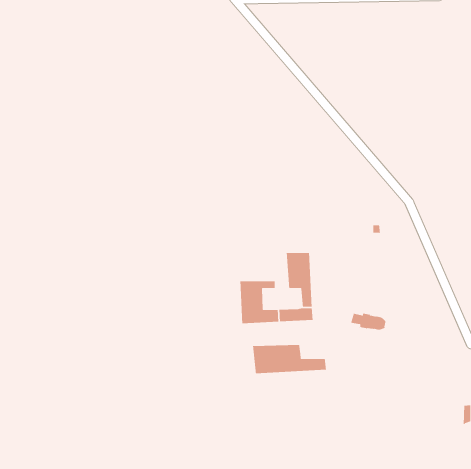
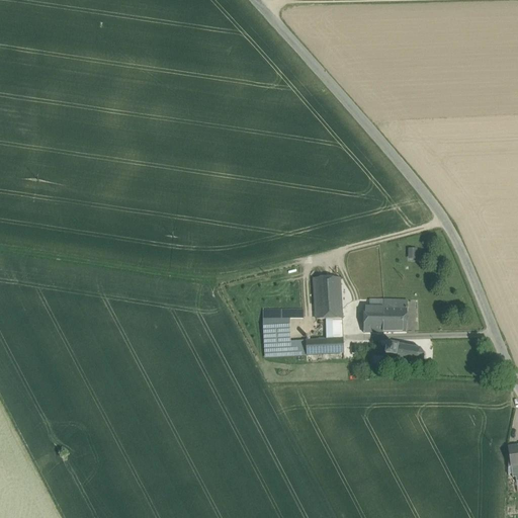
building: none -> [363,297,408,331]
building: [252,344,327,374] -> none

